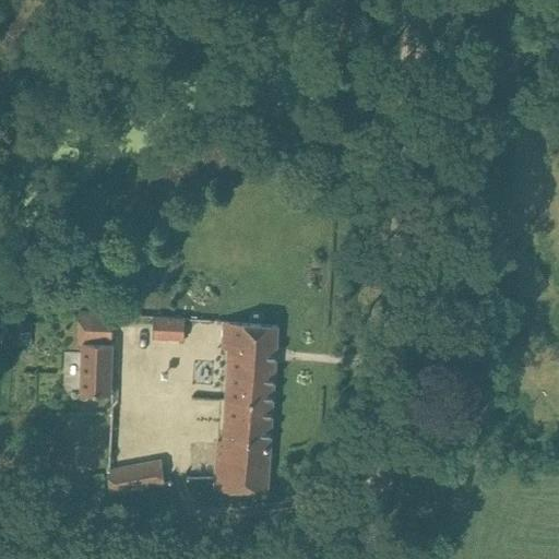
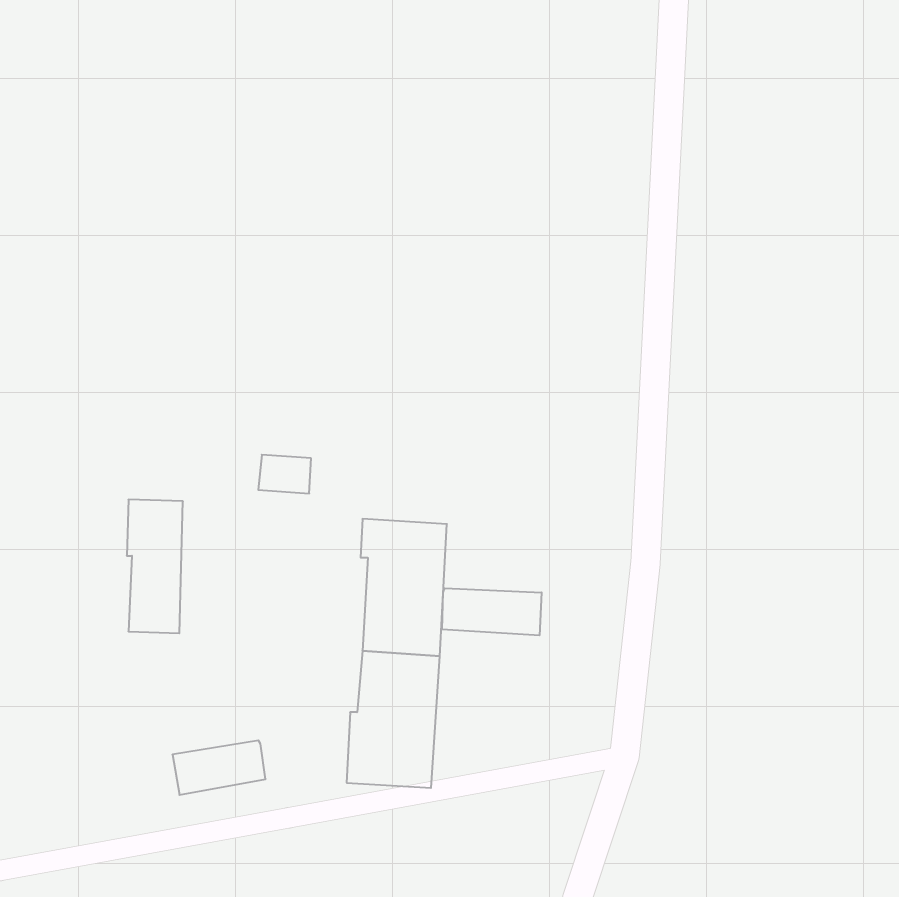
building: [152,320,185,344] -> [258,455,311,493]
building: none -> [442,588,542,635]

